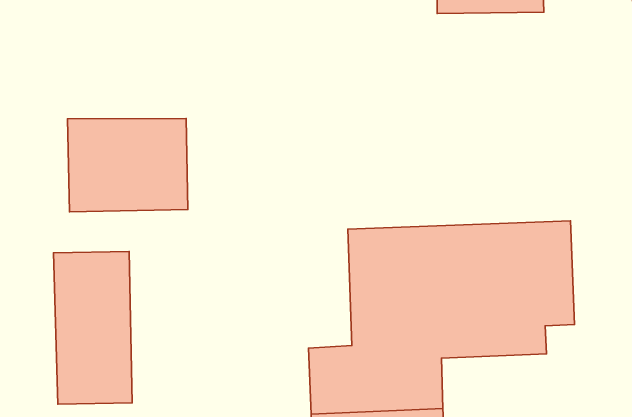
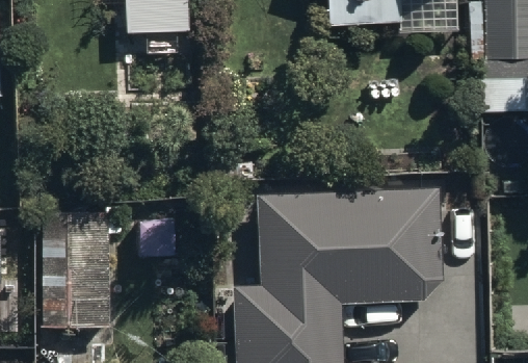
building: [68,118,188,212] -> none

